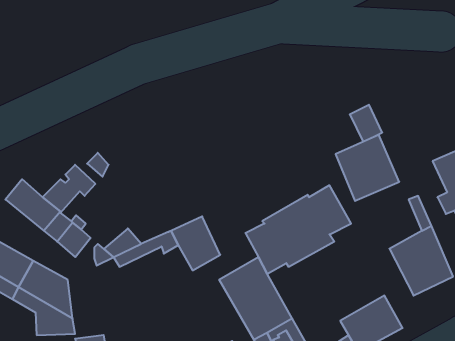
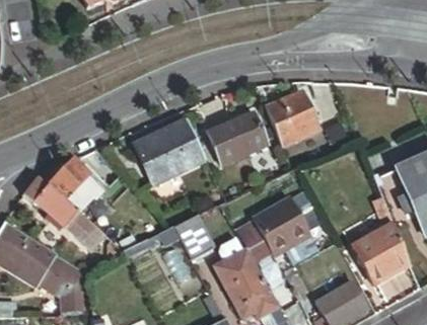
building: none -> [207,113,267,165]
building: none -> [134,118,206,185]
building: [336,135,399,201] -> [266,93,319,149]
building: none -> [47,154,92,198]

